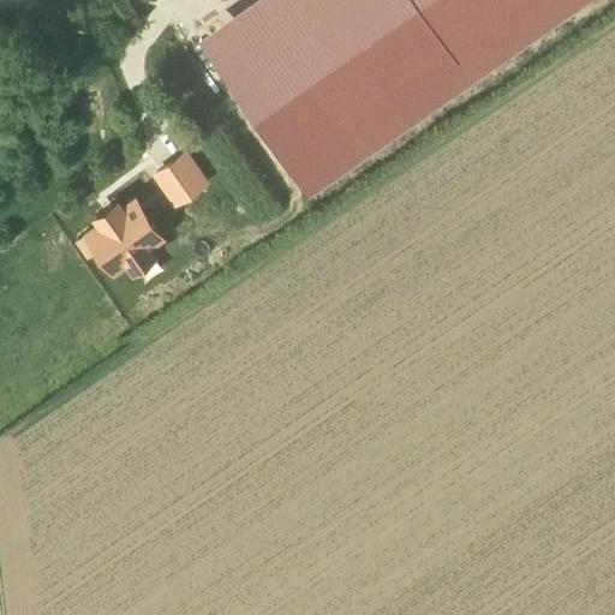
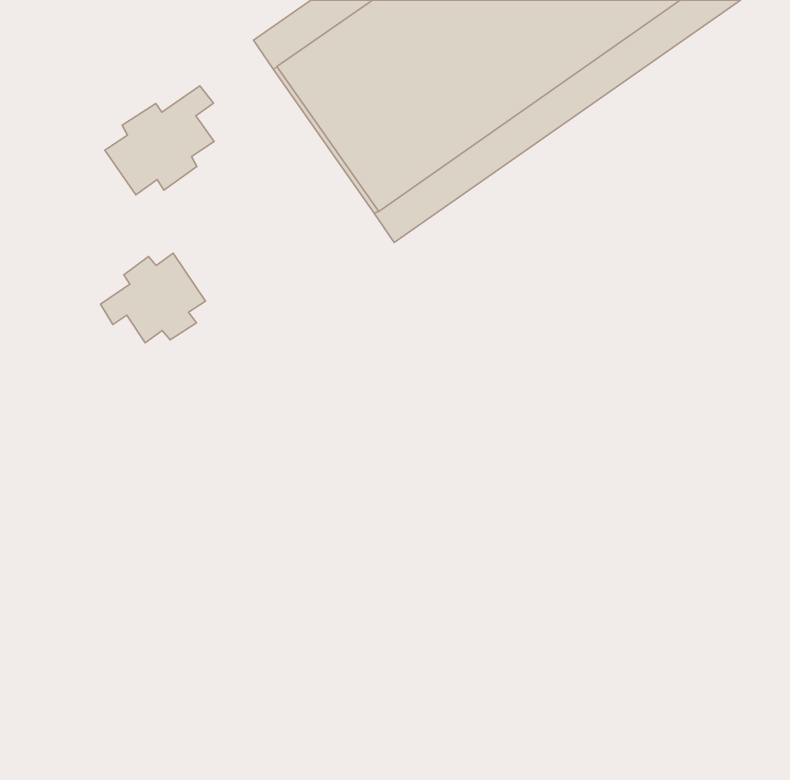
building: none -> [105,86,214,195]
building: [156,160,203,205] -> none

